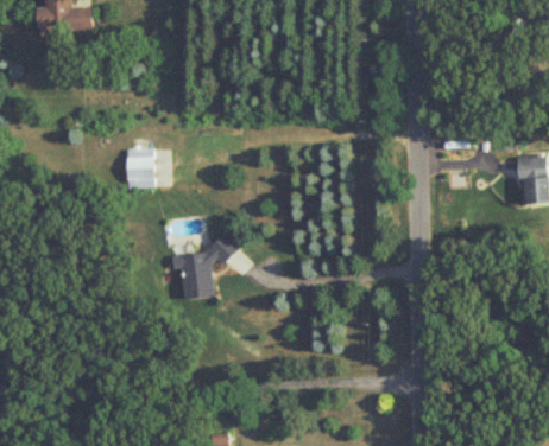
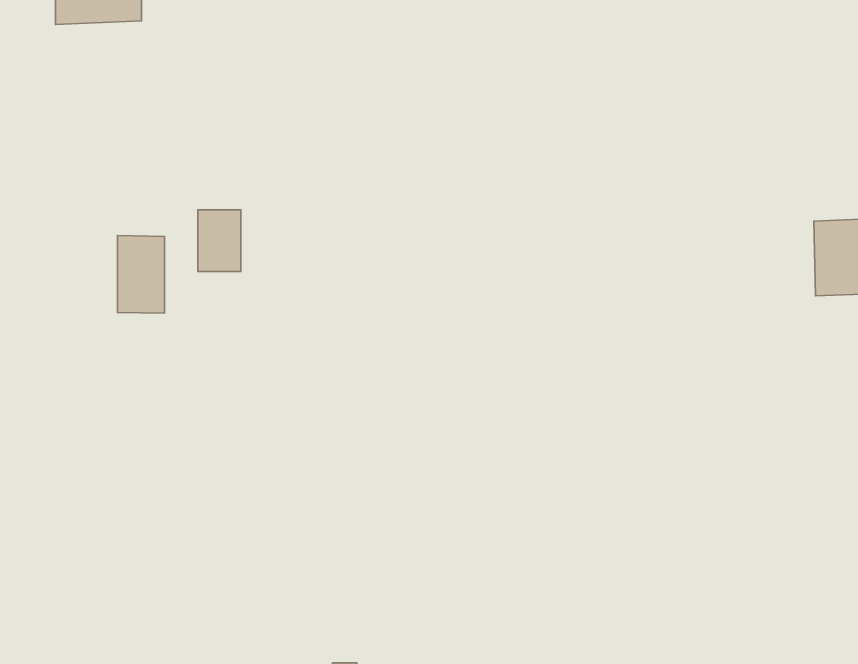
building: none -> [117,236,165,313]
building: [172,246,235,300] -> none

